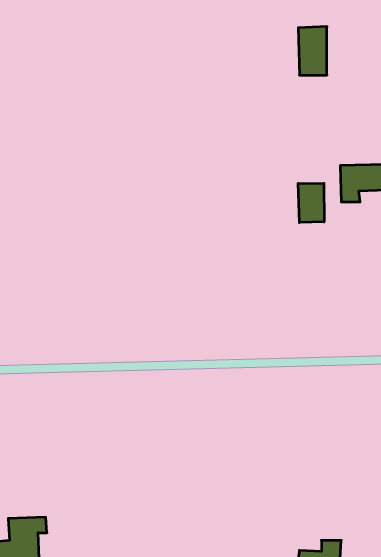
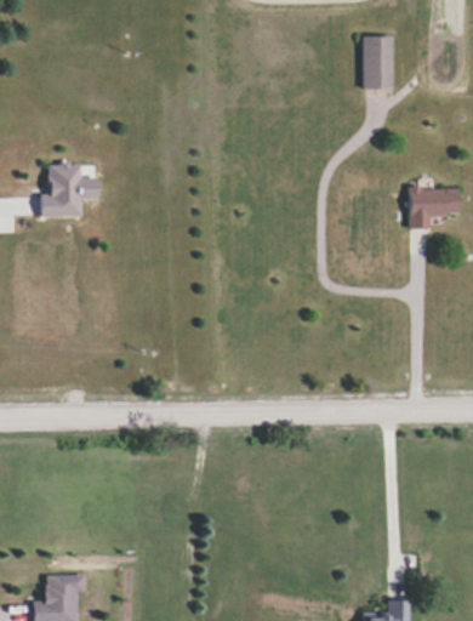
building: none -> [40,163,98,217]
building: [298,183,324,223] -> none

